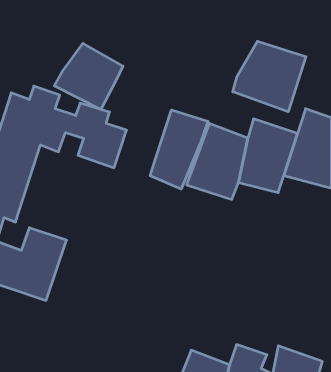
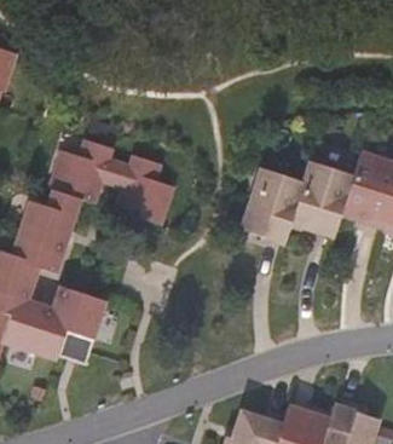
building: [233,41,306,112] -> none
building: [54,43,123,109] -> none
building: [150,110,208,189] -> none

